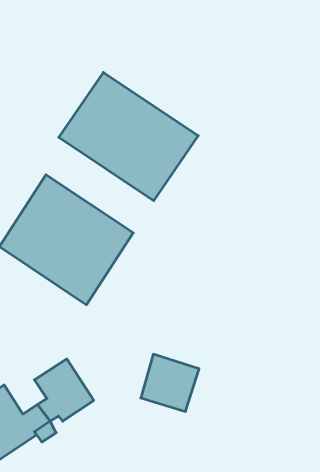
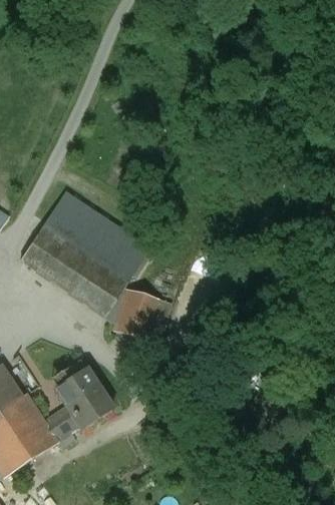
building: [59,72,198,201] -> none
building: [141,354,199,411] -> [115,289,172,344]

